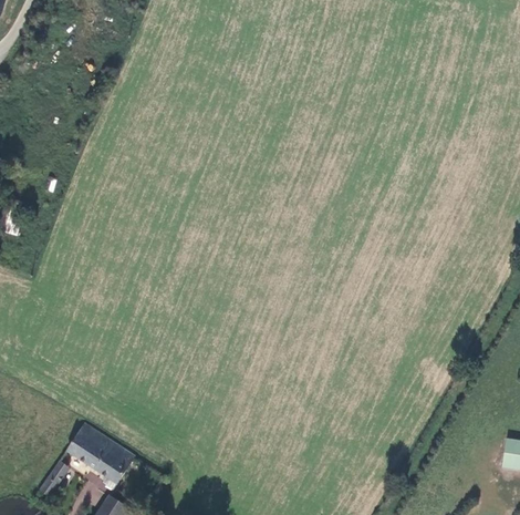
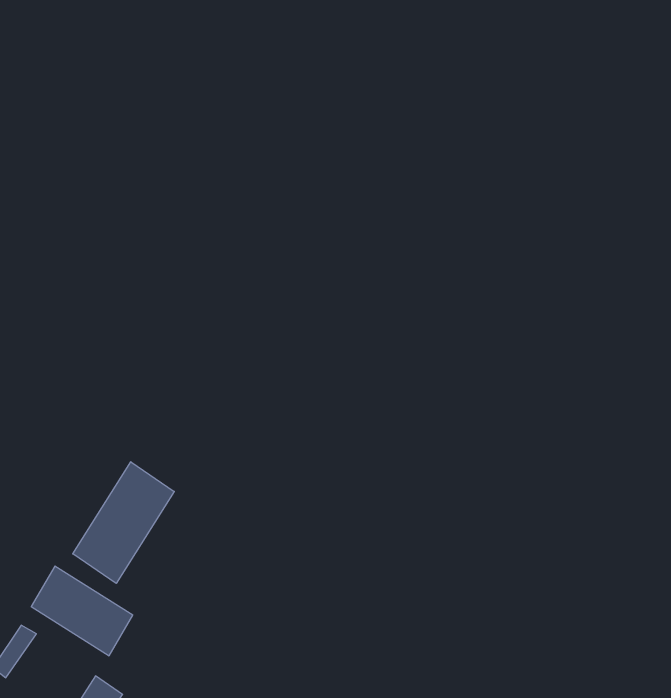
building: none -> [73,462,174,583]

